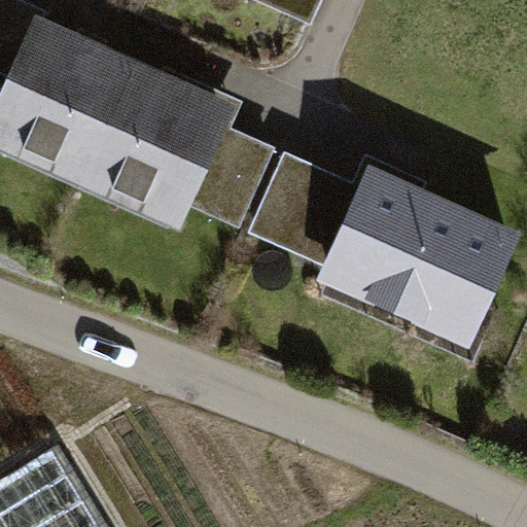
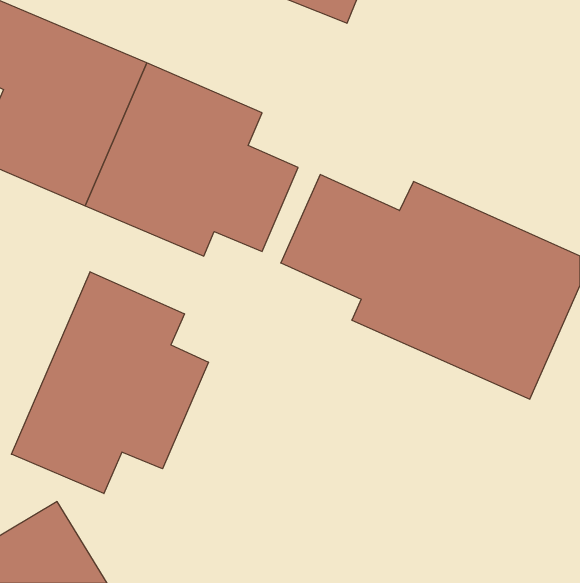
building: none -> [11,272,208,494]

